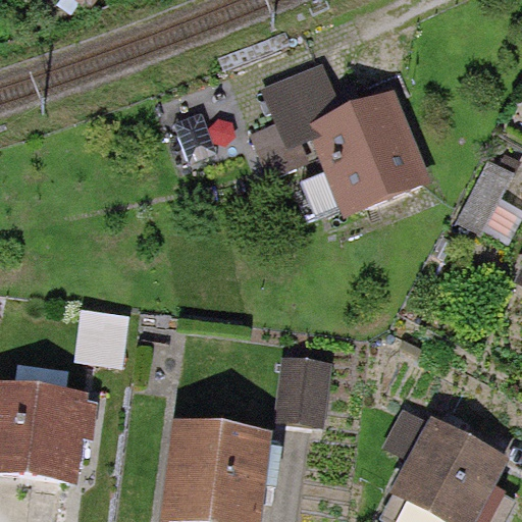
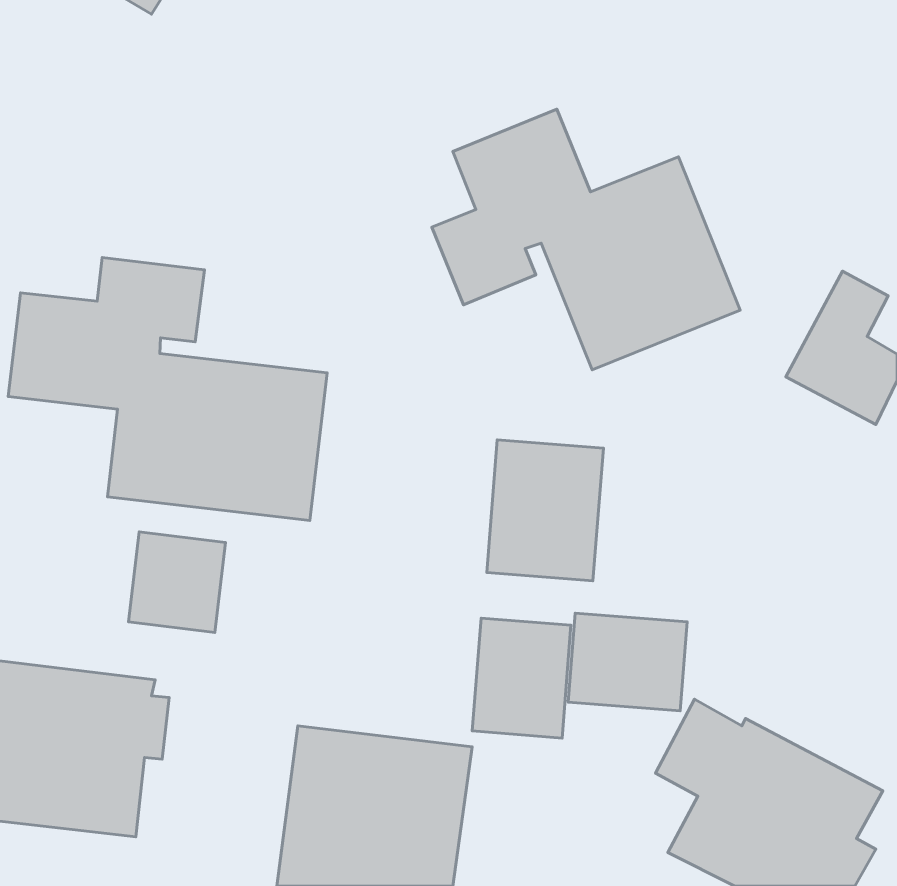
building: none -> [8,257,327,520]
building: none -> [487,440,603,581]
building: none -> [568,613,687,711]

